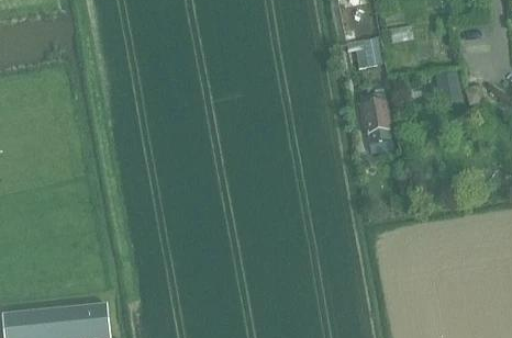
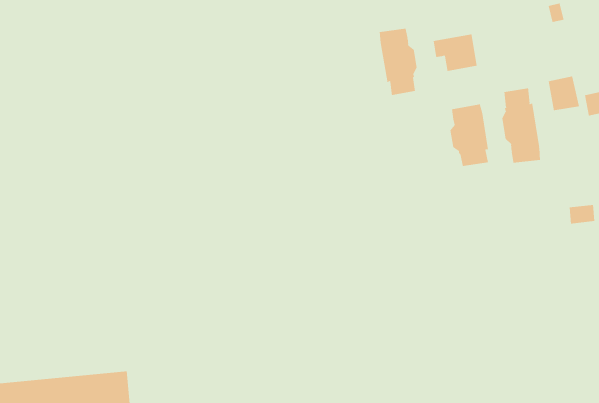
building: none -> [379,28,417,96]
building: none -> [502,88,541,164]

